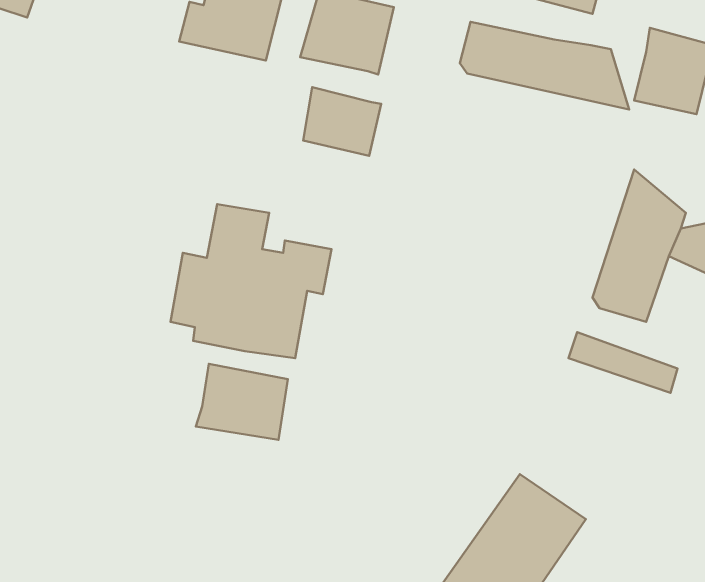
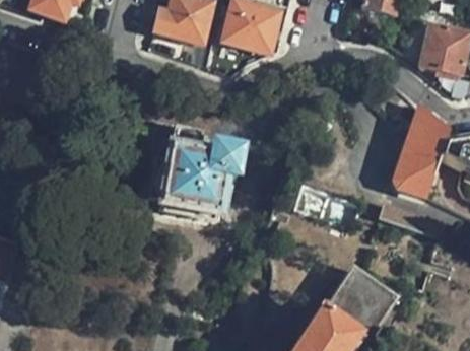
building: [460,22,629,109] -> none
building: [303,87,381,156] -> none
building: [196,364,288,440] -> none

